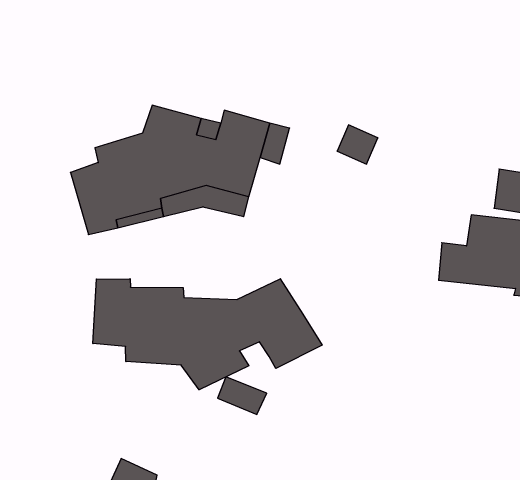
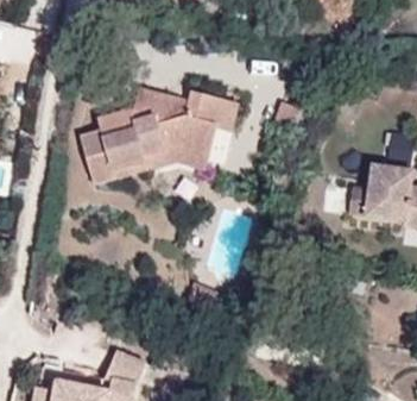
building: [93,279,322,390] -> none

